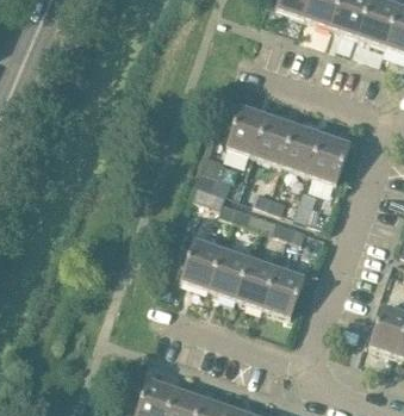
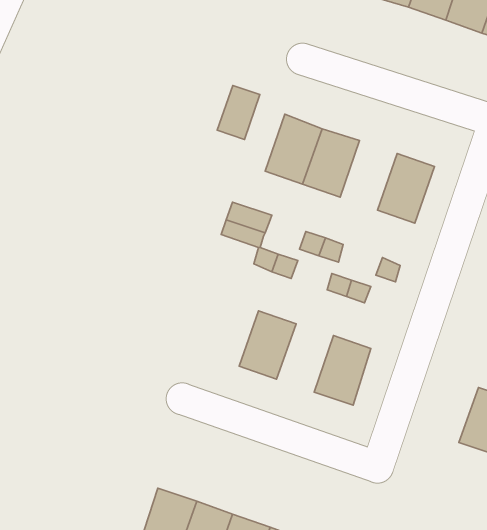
building: none -> [217,85,260,139]
building: [279,122,321,173] -> none
building: [179,237,219,287] -> none
building: [232,256,274,306] -> none

